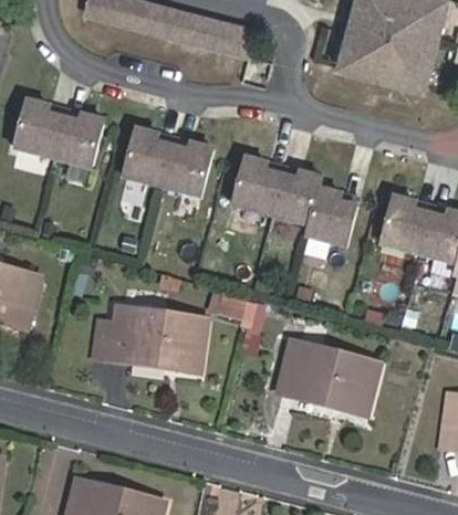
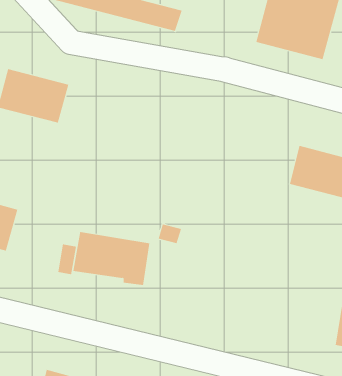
building: [123,129,212,198] -> none
building: [232,157,358,248] -> none
building: [278,340,377,416] -> none

